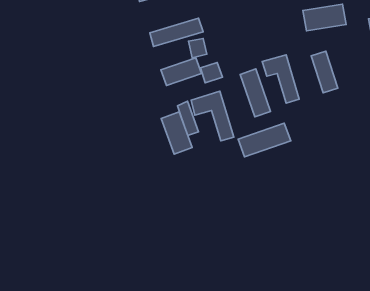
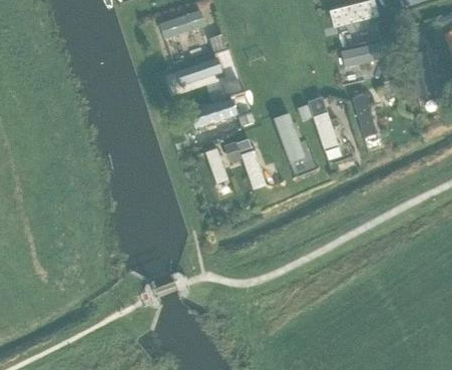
building: [161,112,192,154] -> none
building: [238,123,291,157] -> none

